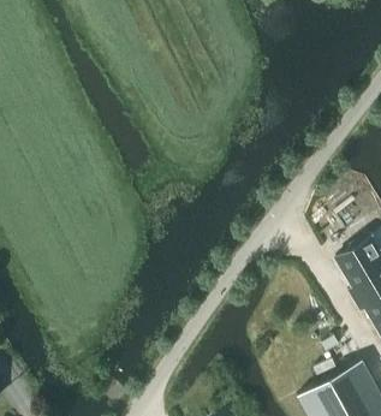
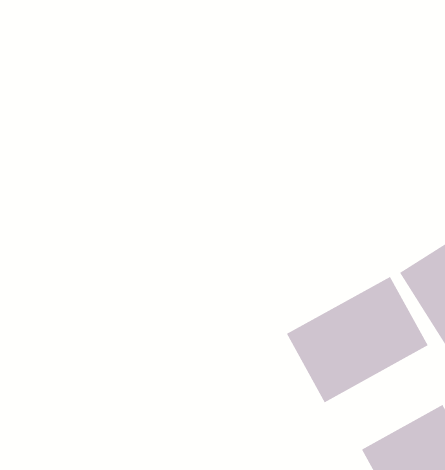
building: none -> [286,276,429,403]

